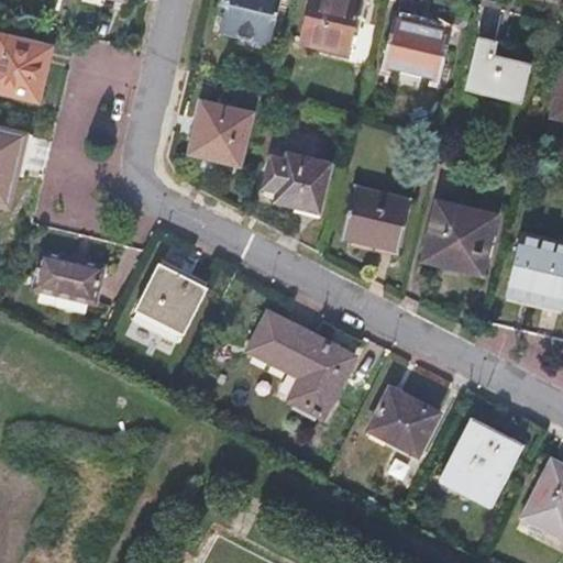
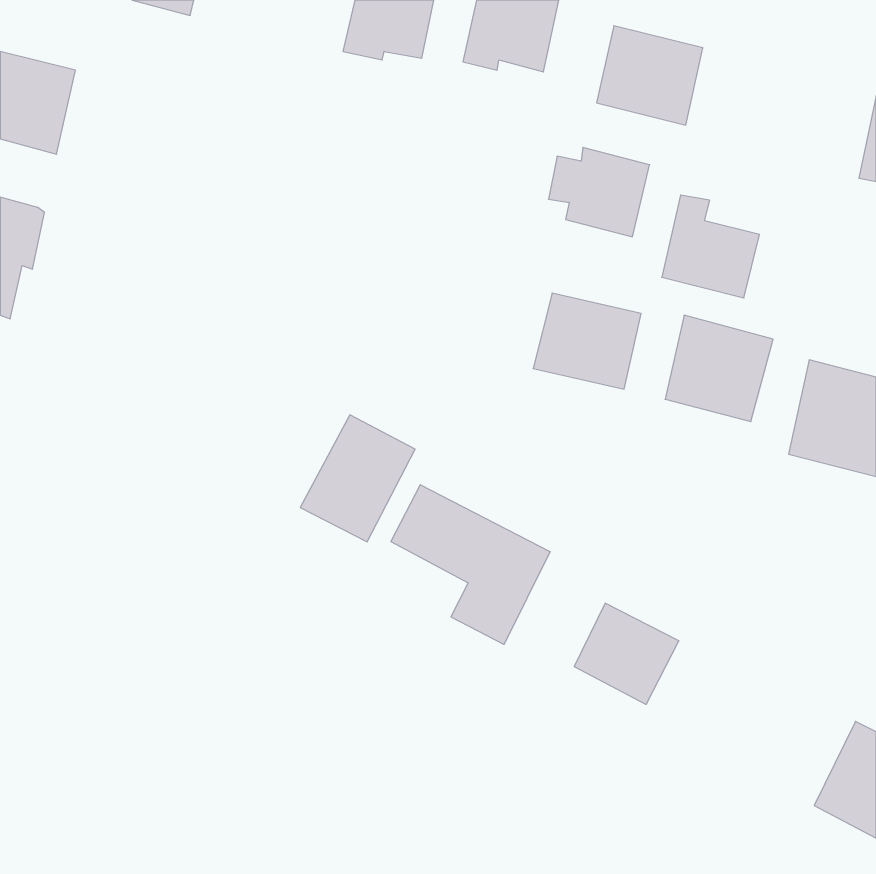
building: [466,38,529,104] -> [662,195,759,298]
building: [190,102,250,164] -> none
building: [263,153,328,210] -> [548,148,650,237]
building: [33,254,100,305] -> none
building: [134,261,208,342] -> [300,415,415,542]
building: [441,416,522,506] -> none

